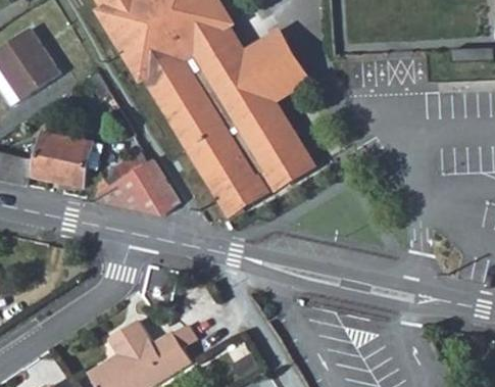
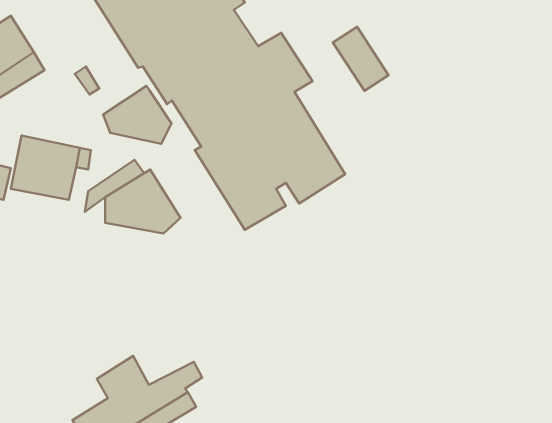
building: [260,34,307,88] -> [333,27,389,91]
building: none -> [103,86,171,144]

